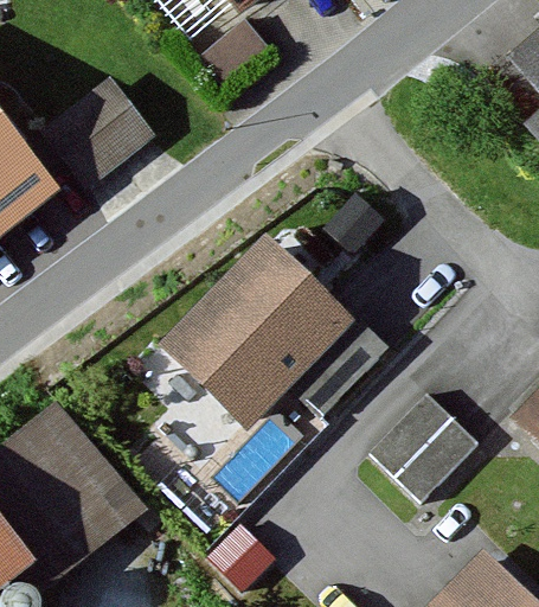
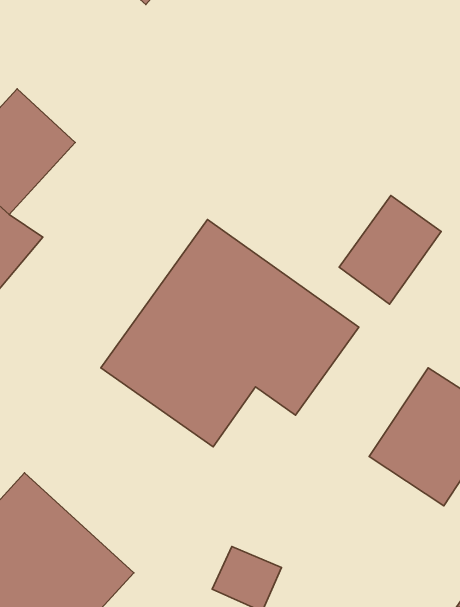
building: none -> [339,196,441,304]

